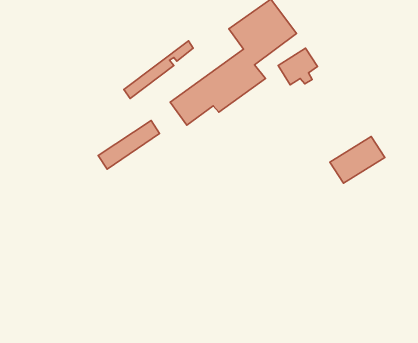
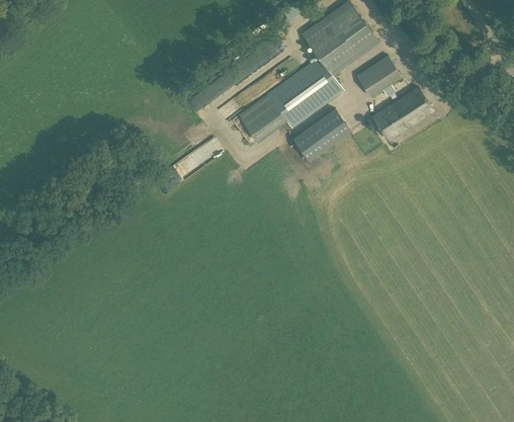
building: none -> [291,108,349,161]
building: [330,136,385,183] -> [371,87,432,139]

